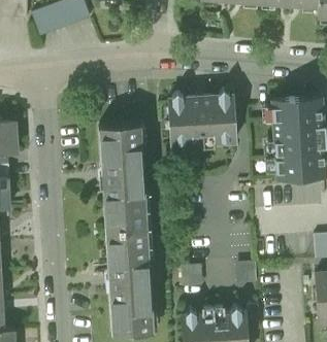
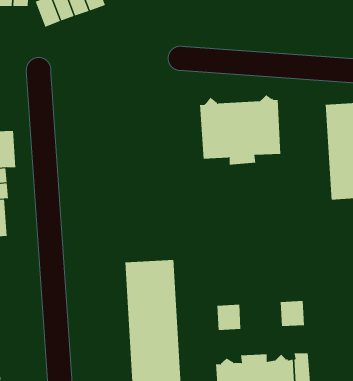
building: [99,125,146,230] -> none

